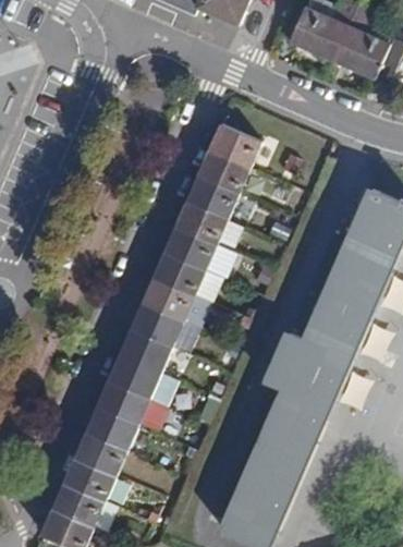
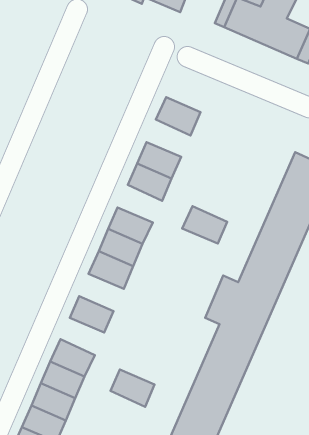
building: [198,149,249,193] -> none
building: [164,226,217,269] -> [182,206,227,243]
building: [120,329,172,373] -> none
building: [98,380,149,424] -> [110,369,154,407]

